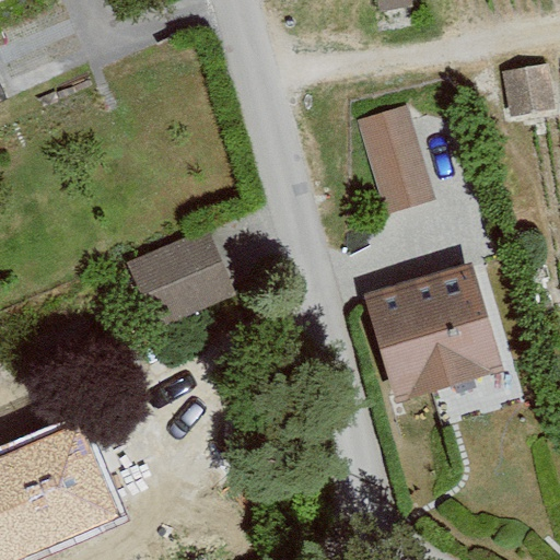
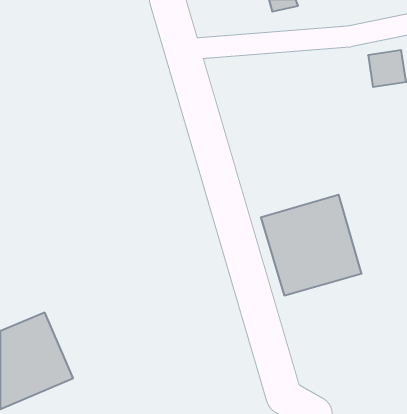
building: [364,110,436,213] -> none
building: [127,230,231,325] -> none

